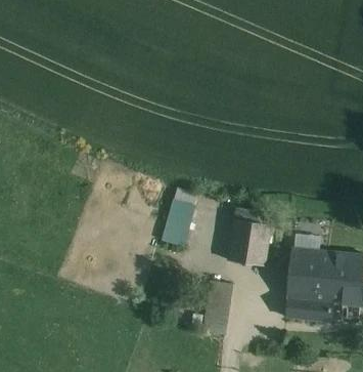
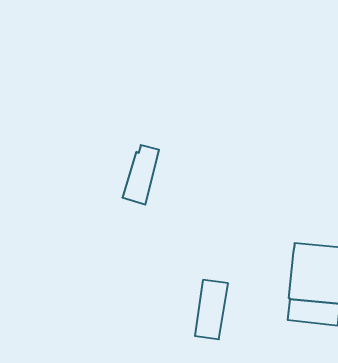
building: [162,192,194,245] -> [122,145,159,205]
building: [227,218,270,264] -> none

